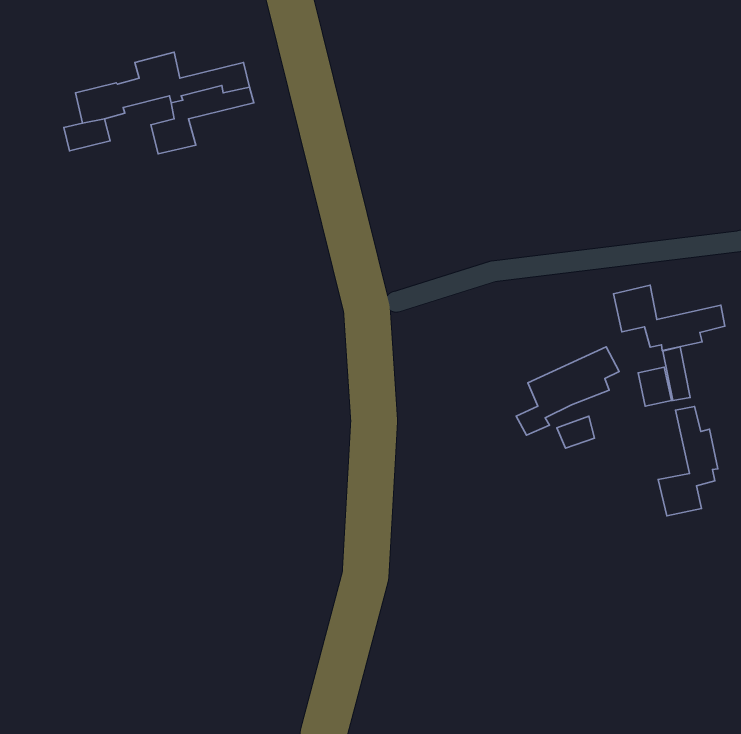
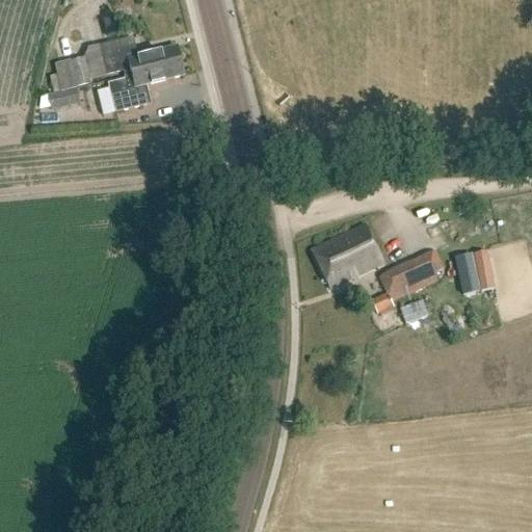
building: [614,285,725,351] -> none
building: none -> [312,223,383,288]
building: [658,406,718,516] -> none

